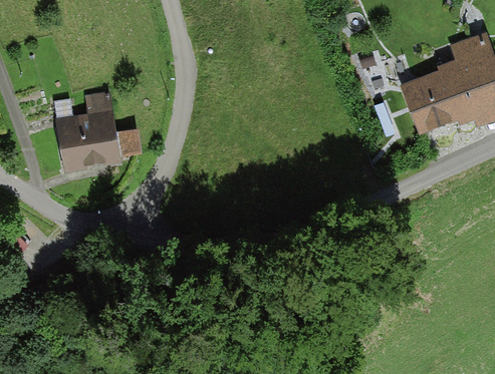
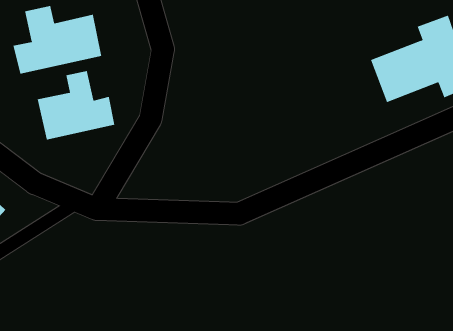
building: none -> [13,5,102,75]

